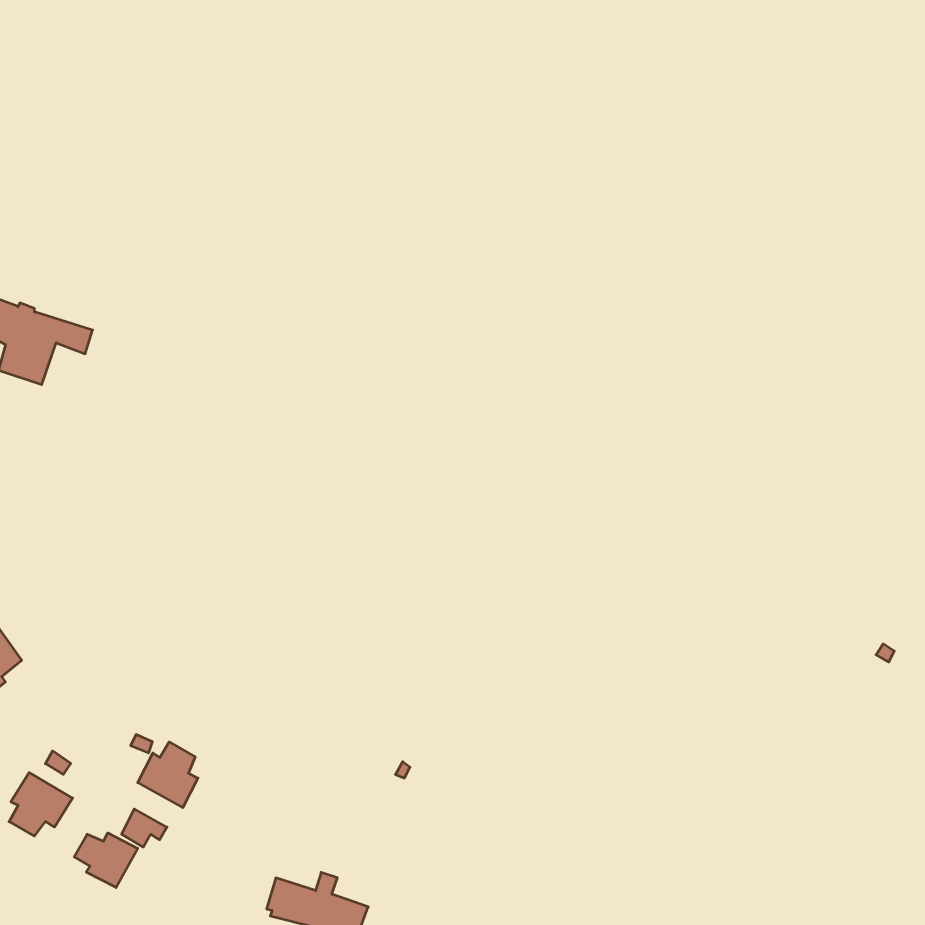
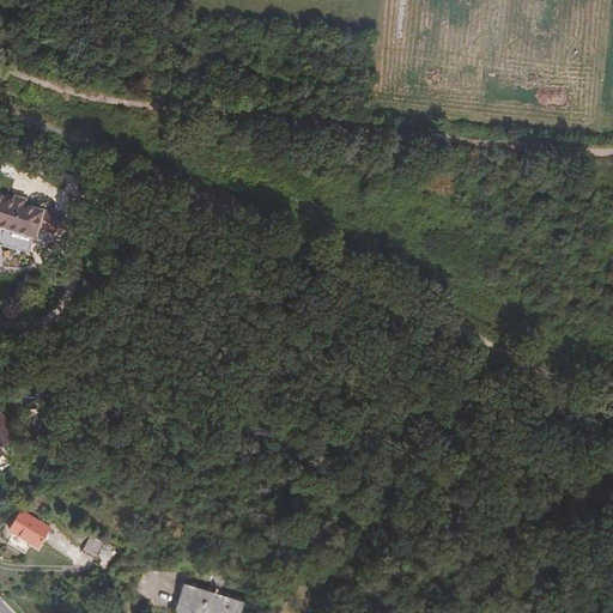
building: [138,742,198,808] -> none
building: [74,833,138,888] -> none

